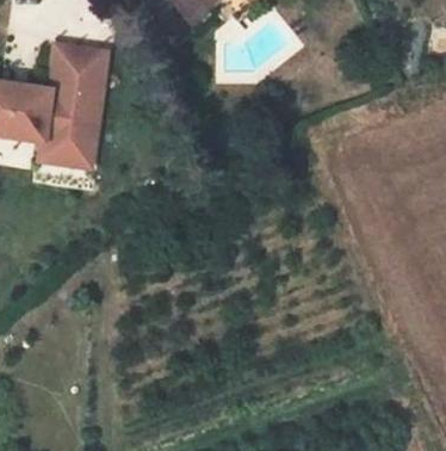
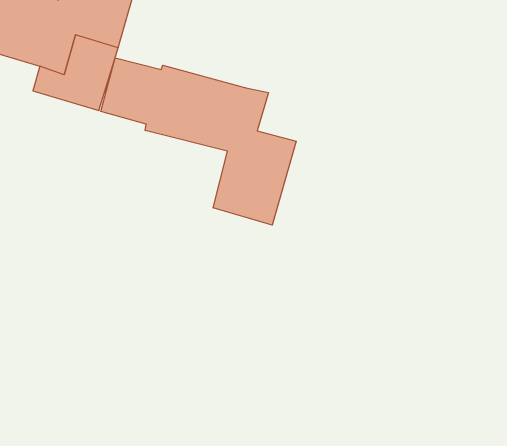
building: none -> [101,58,296,225]

